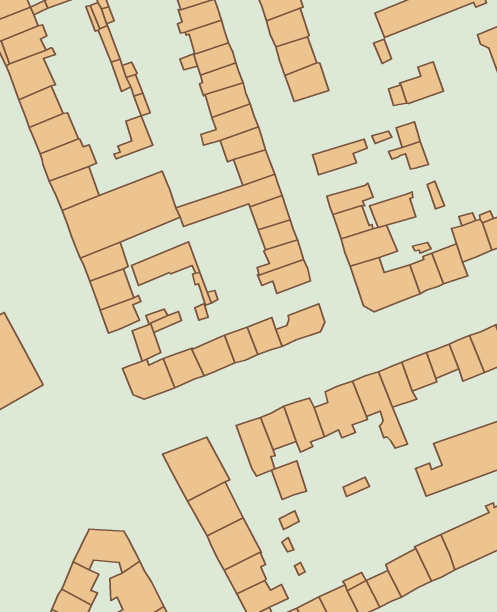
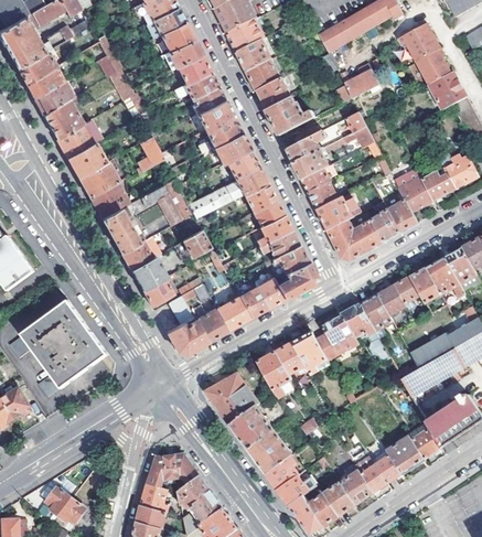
building: none -> [266,96,314,133]
building: [370,192,416,227] -> [292,147,329,178]
building: none -> [270,244,307,272]
building: [271,461,306,500] -> none

